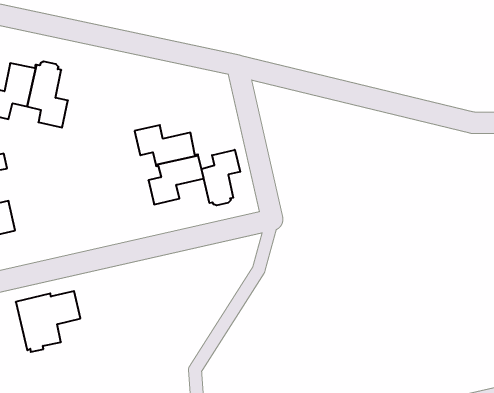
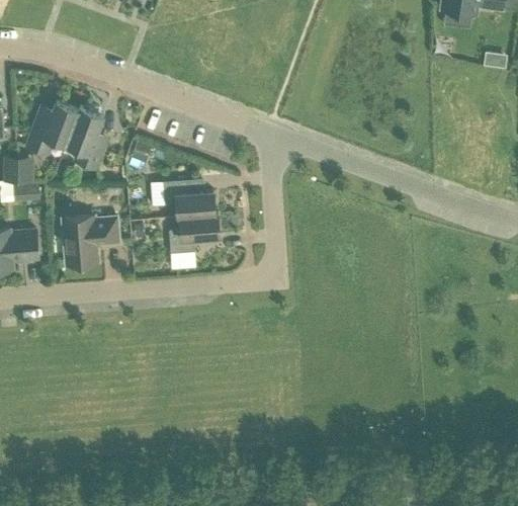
building: [201,150,240,205] -> none
building: [16,291,80,352] -> [62,216,119,267]

